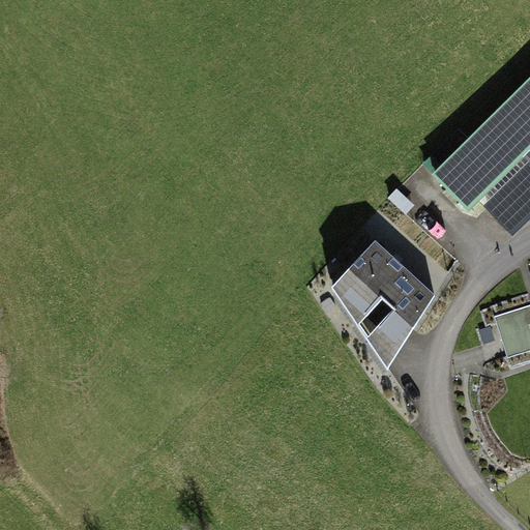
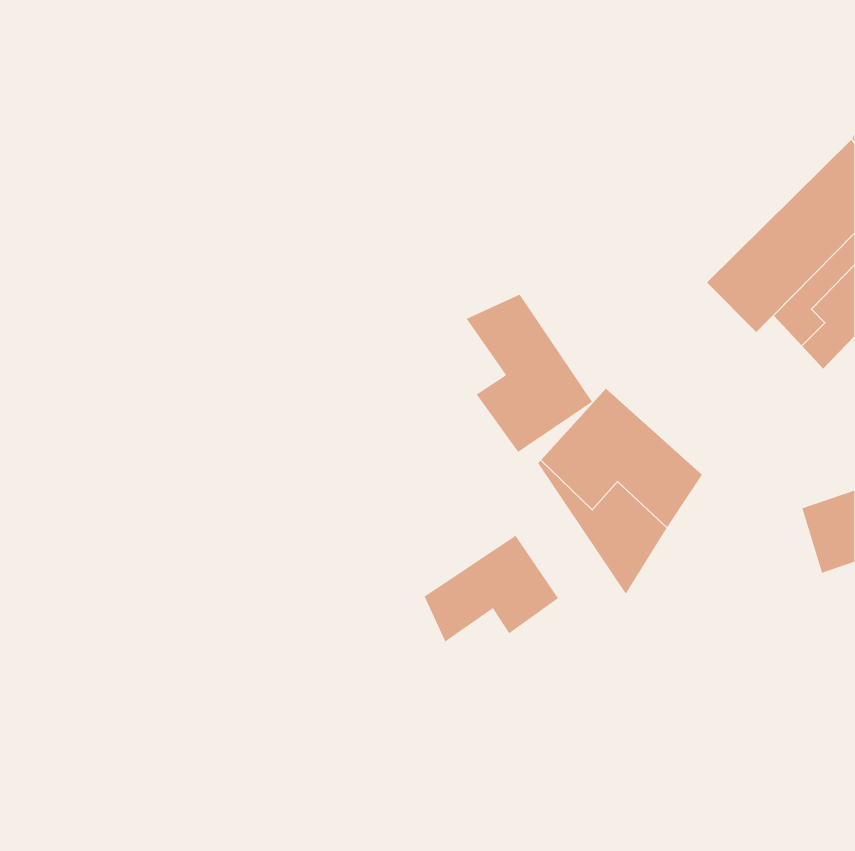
building: none -> [466,294,593,453]
building: none -> [424,535,559,642]

